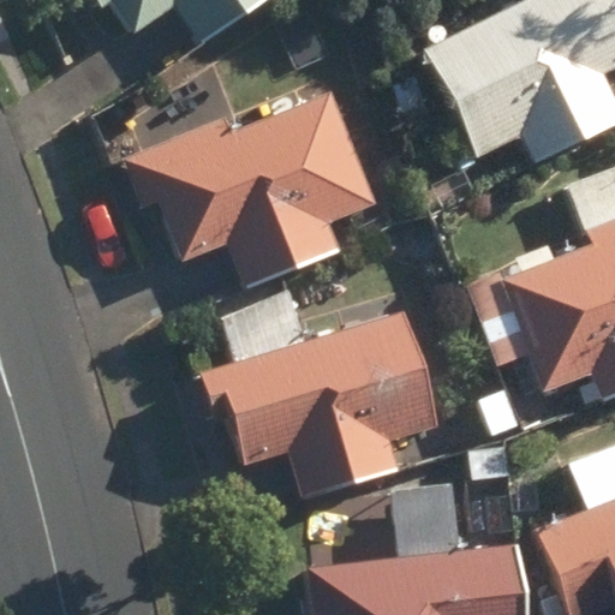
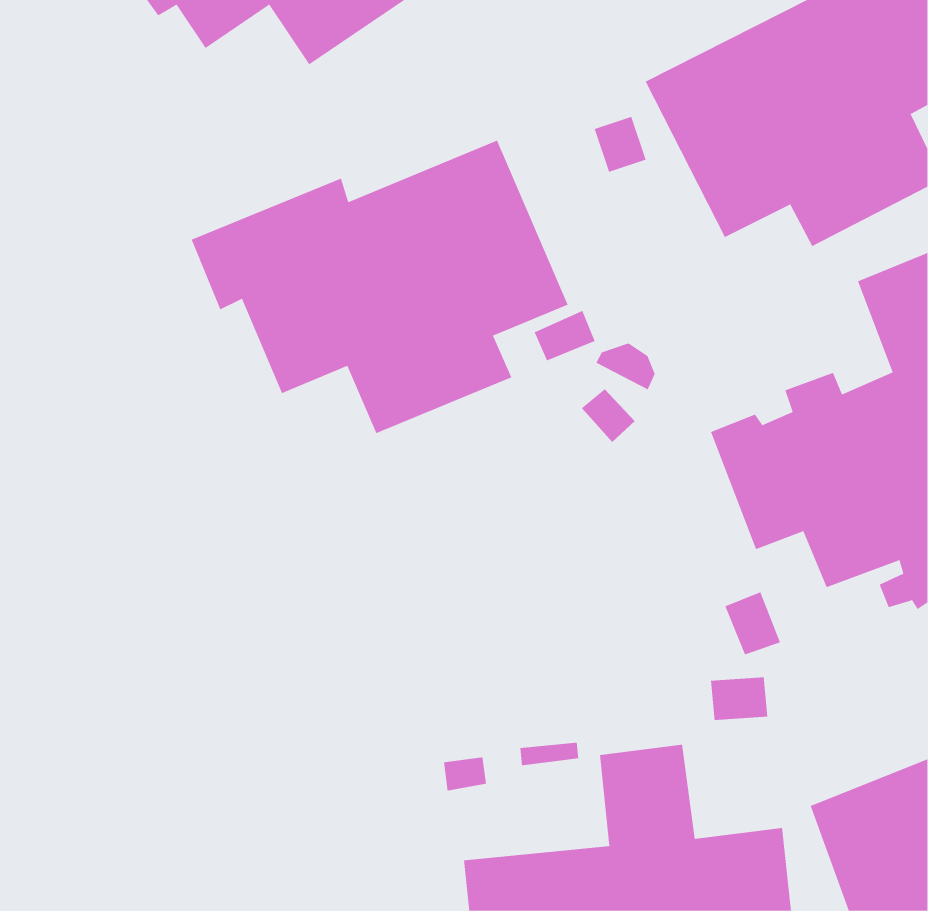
building: [203,297,437,500] -> none

